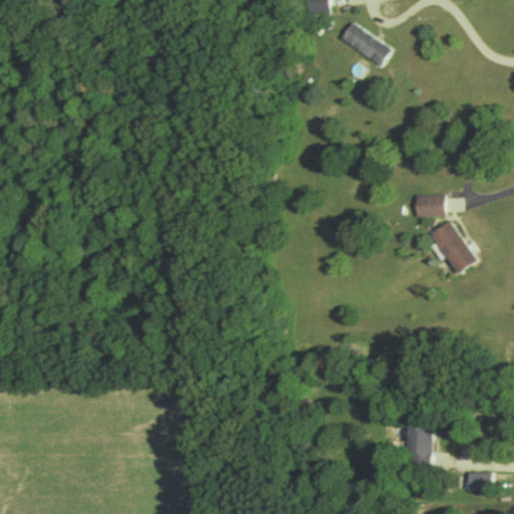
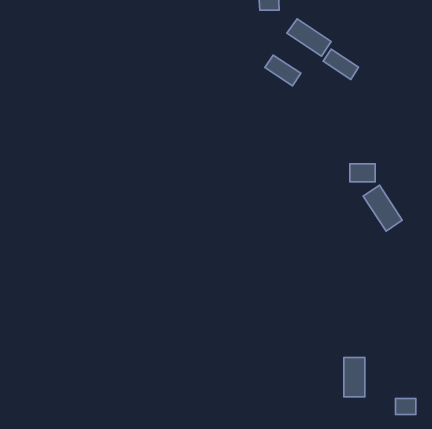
building: none -> [323,49,359,80]
building: none -> [265,55,301,86]

